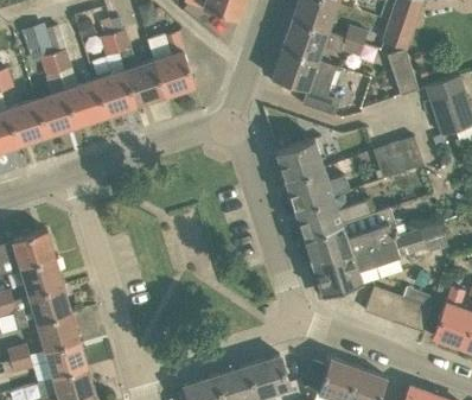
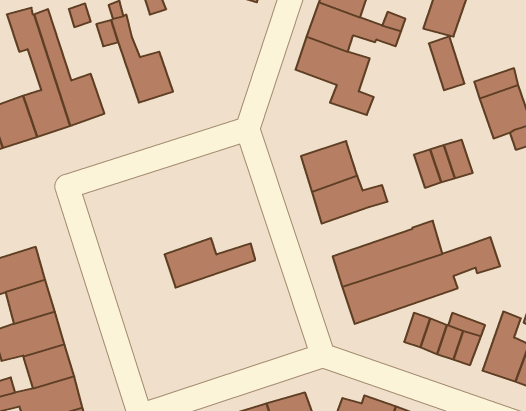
building: [154,32,196,96] -> none
building: [95,71,136,115] -> none
building: [294,196,372,239] -> [164,238,255,288]

